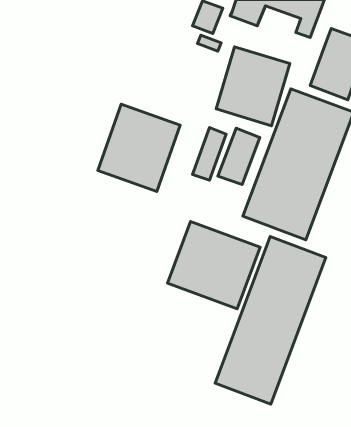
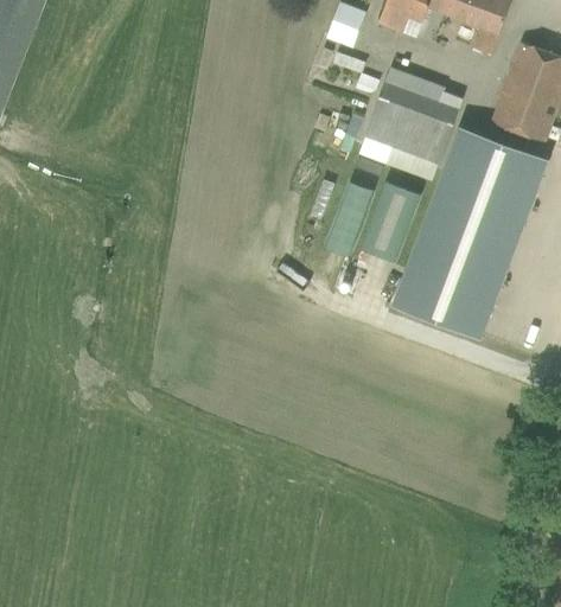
building: [98,104,180,192] -> none
building: [167,221,260,309] -> none
building: [215,236,326,404] -> none

